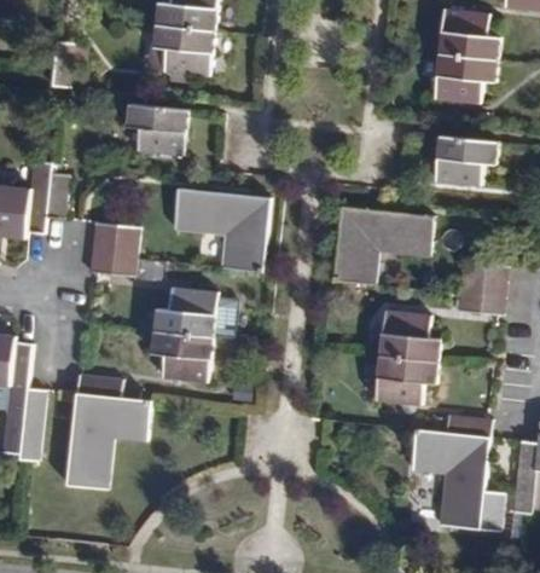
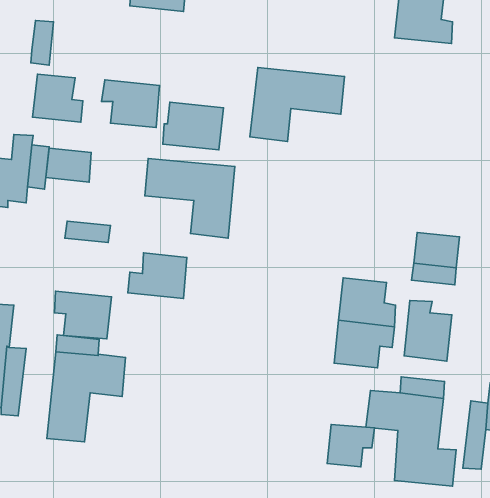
building: [150,23,214,74] -> [163,102,223,150]
building: [434,57,498,106] -> none
building: none -> [32,74,83,122]
building: [434,138,495,187] -> none
building: [332,208,432,286] -> [250,67,344,141]
building: [91,220,139,256] -> [46,148,91,182]
building: [153,328,214,378] -> [54,291,111,339]
building: none -> [404,300,452,361]
building: none -> [327,424,375,467]

